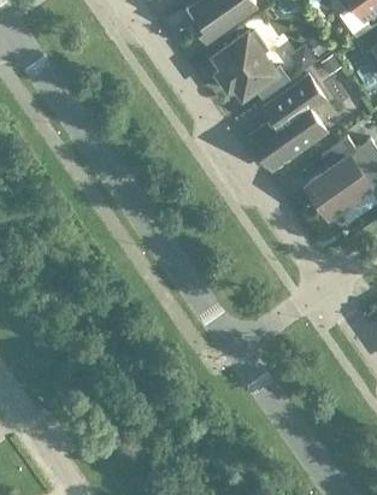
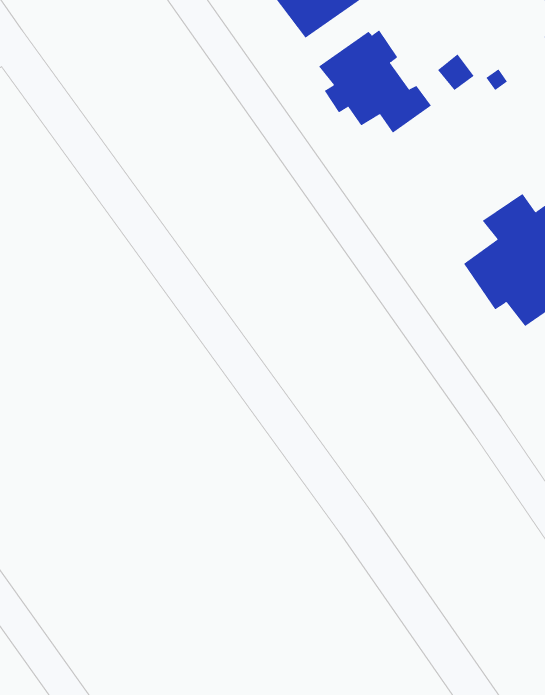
building: [248,77,325,171] -> none

